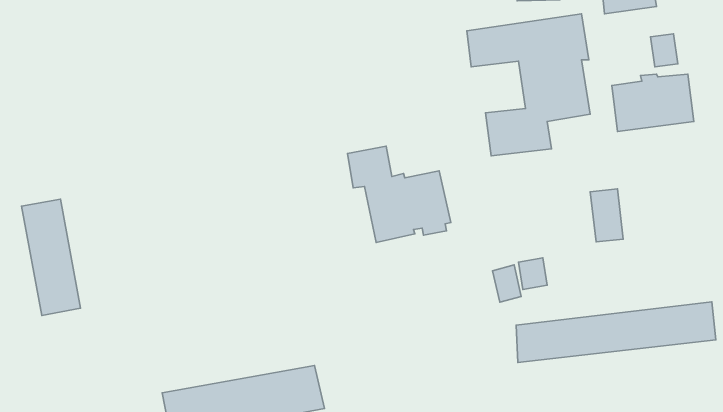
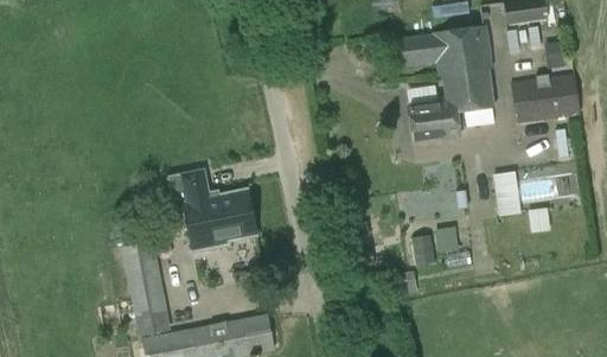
building: [347,146,451,242] -> [171,171,256,250]
building: [22,199,80,315] -> [122,238,171,334]
building: [516,302,716,362] -> none

